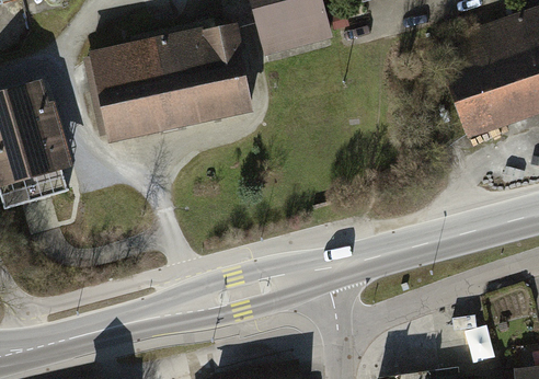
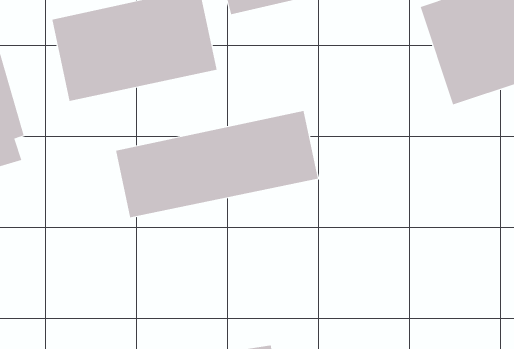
building: none -> [115,110,318,218]

